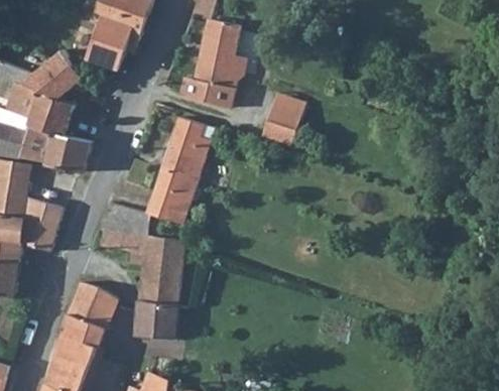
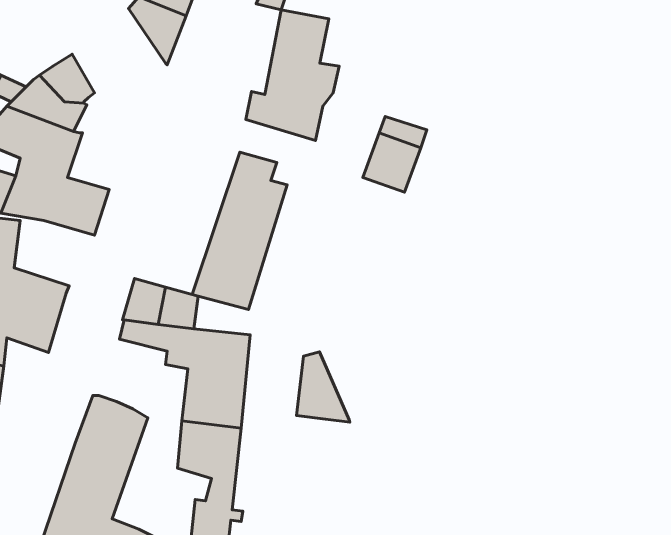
building: [80,19,128,80] -> none
building: none -> [297,352,350,422]

